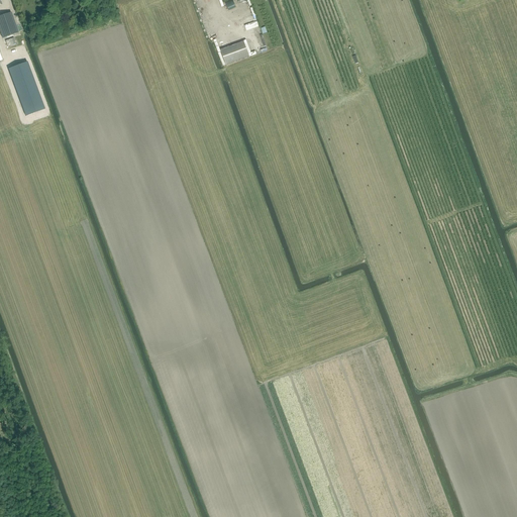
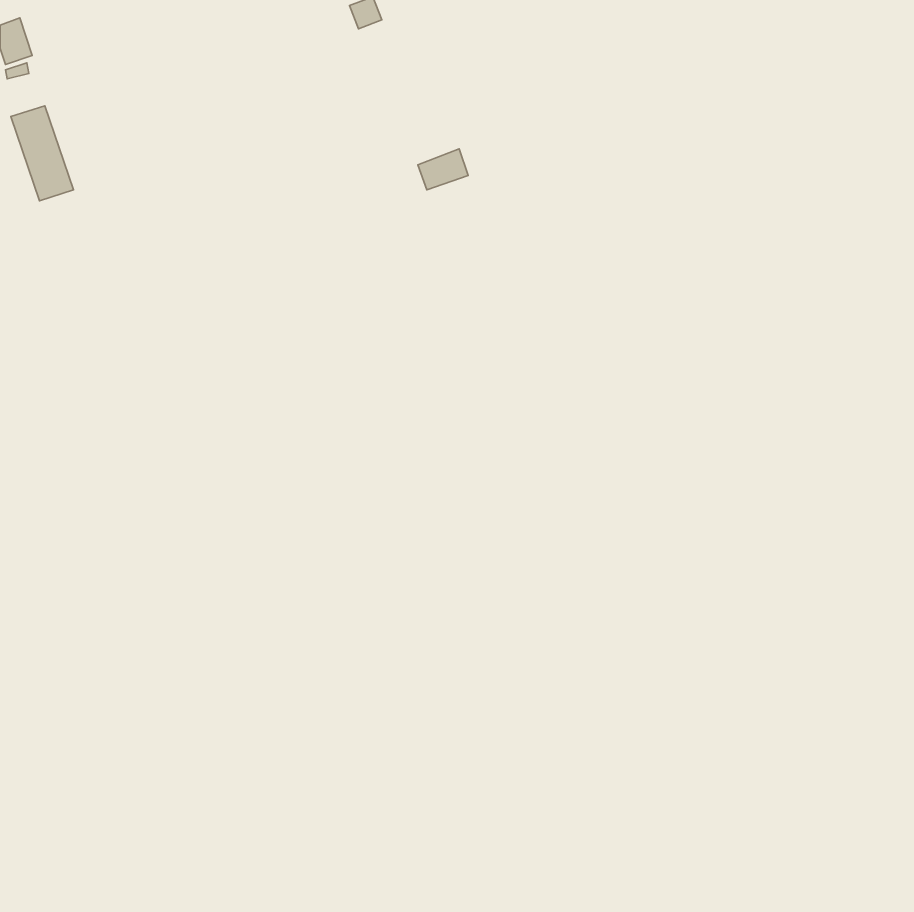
building: [222,39,250,63] -> [418,149,468,190]

